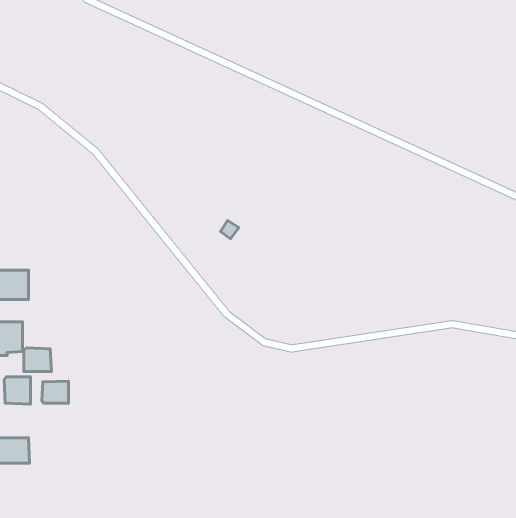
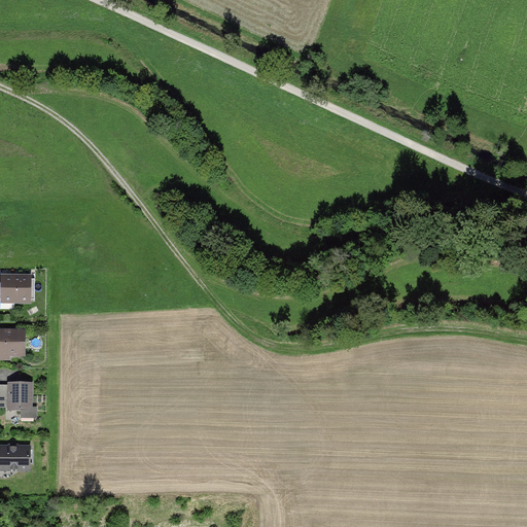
building: [24,348,51,372] -> none
building: [42,381,69,403] -> none

